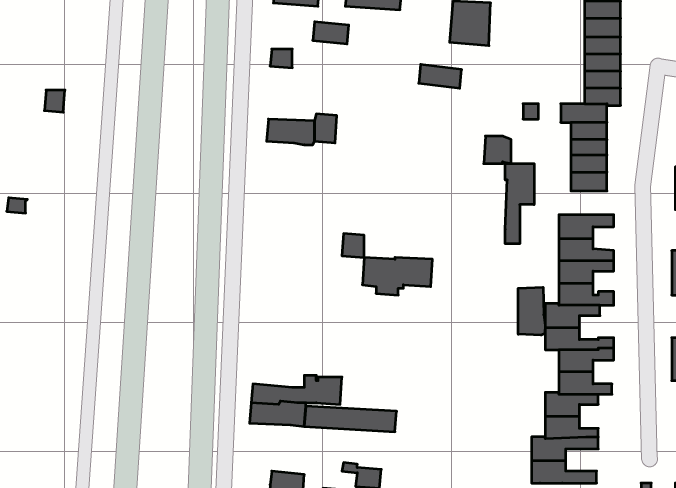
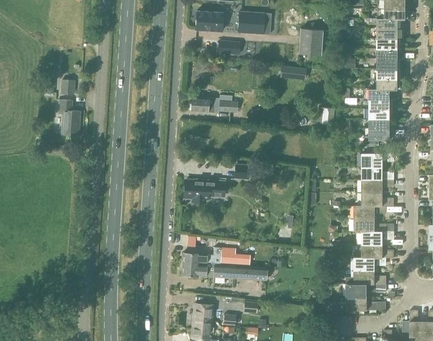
building: none -> [58,100,79,135]
building: [505,164,534,244] -> none
building: [362,257,432,295] -> [184,181,225,203]
building: [518,287,545,335] -> none

